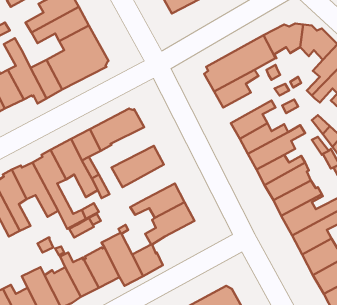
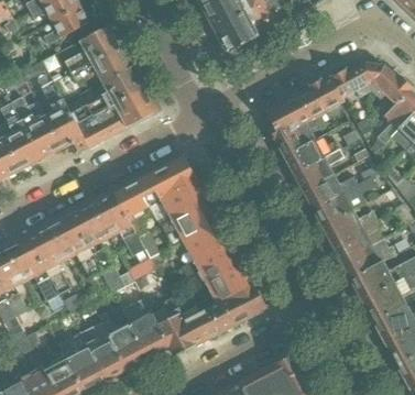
building: none -> [284,140,338,174]
building: none -> [148,178,207,224]
building: none -> [182,220,230,261]
building: none -> [210,283,264,332]

